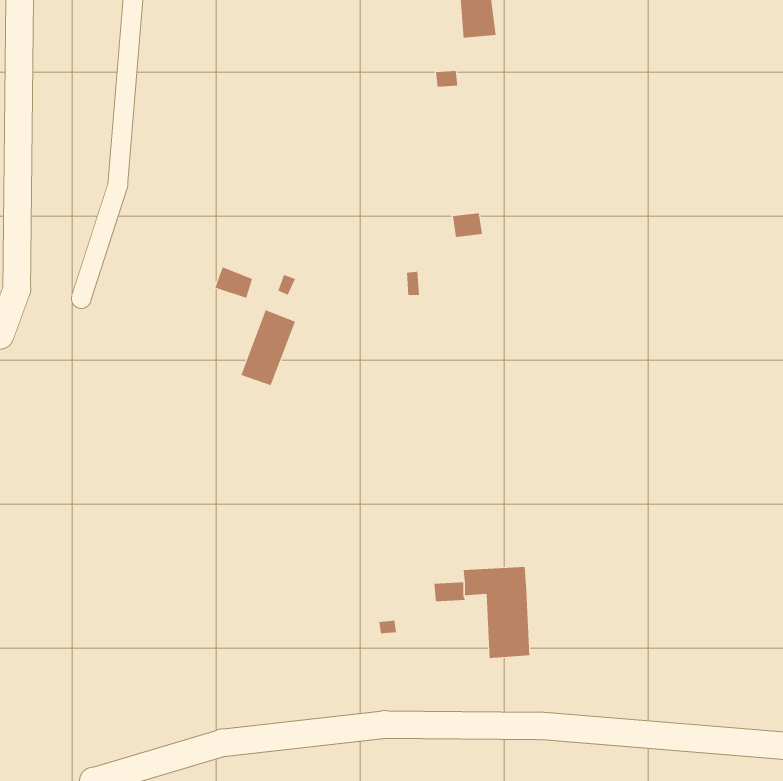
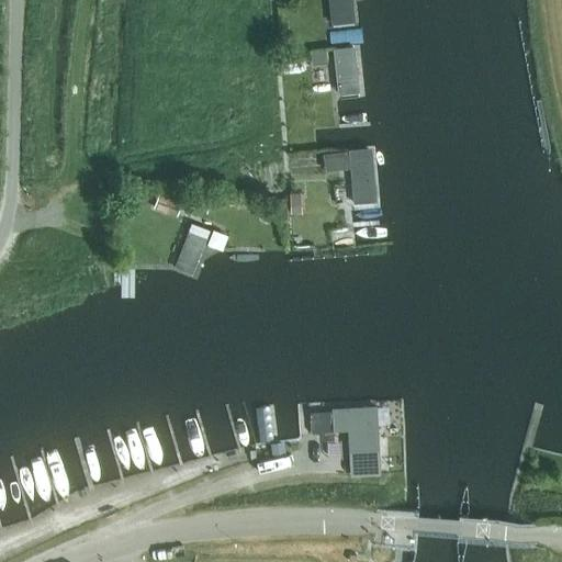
building: none -> [334,47,361,98]
building: none -> [350,149,378,209]

